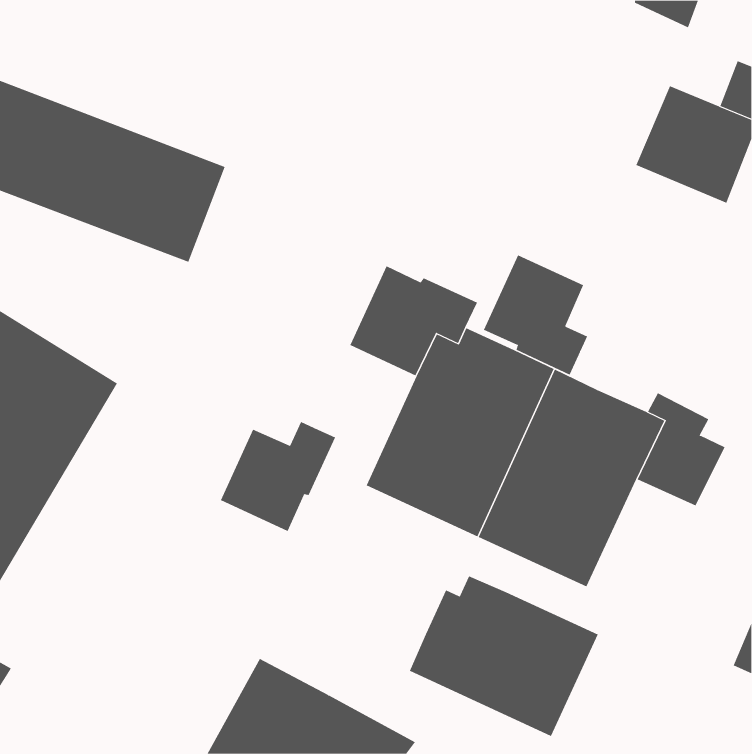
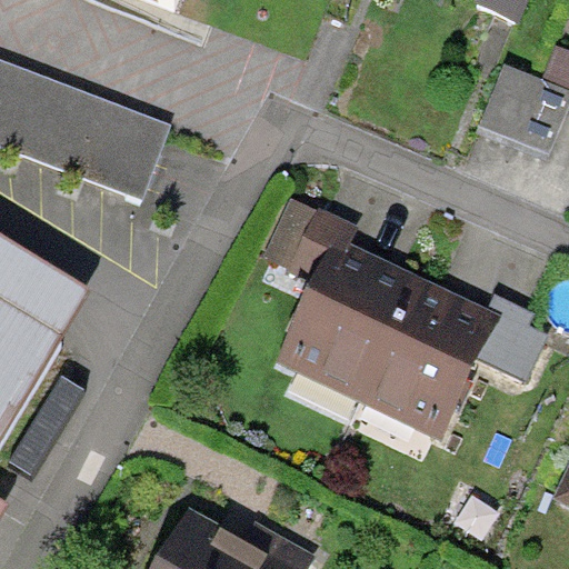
building: [483,255,588,375] -> none
building: [220,421,336,532] -> none
building: [409,575,598,737] -> none

